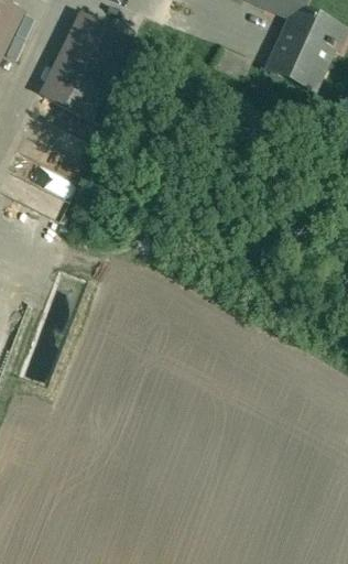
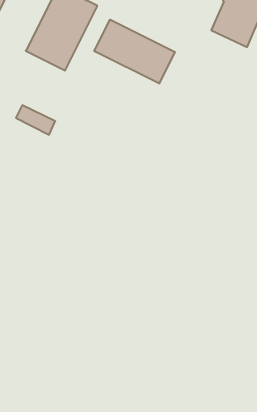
building: none -> [94,20,175,84]

